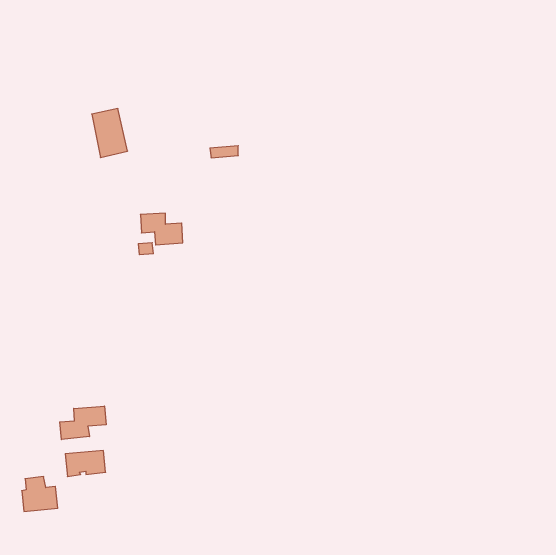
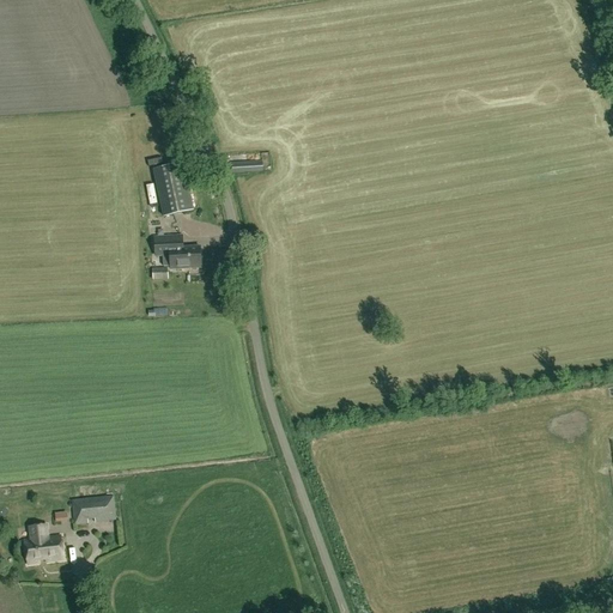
building: [92,109,128,158] -> [154,164,194,218]
building: [60,406,106,440] -> none

